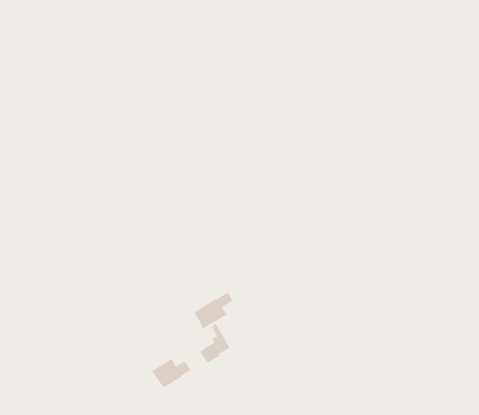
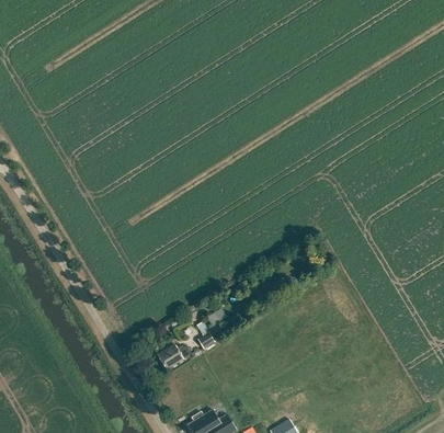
building: [194,292,233,329] -> none

